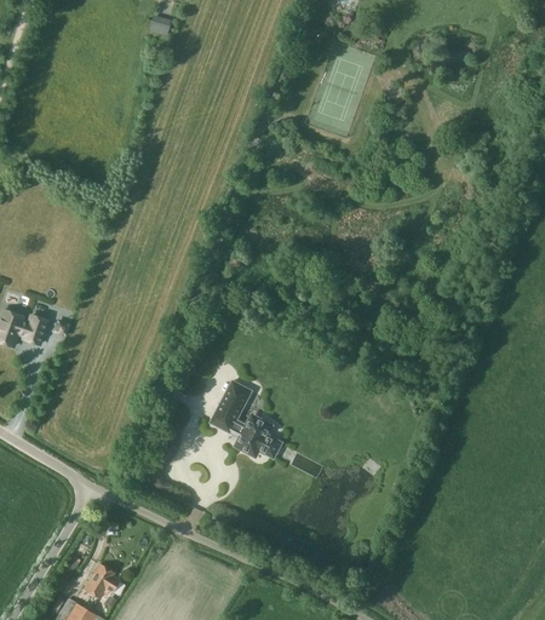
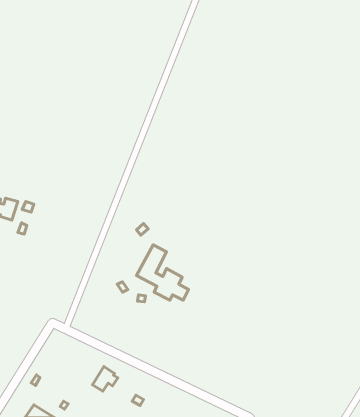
building: [84,563,119,597] -> [92,366,118,391]

